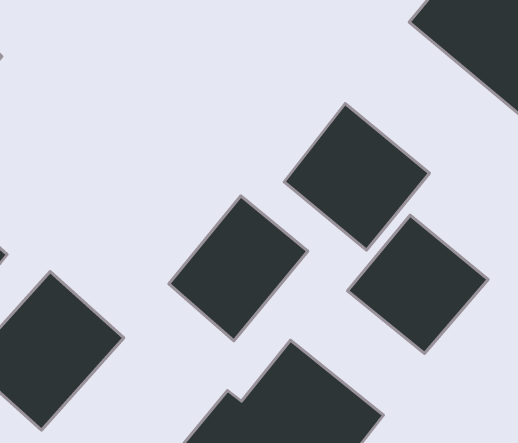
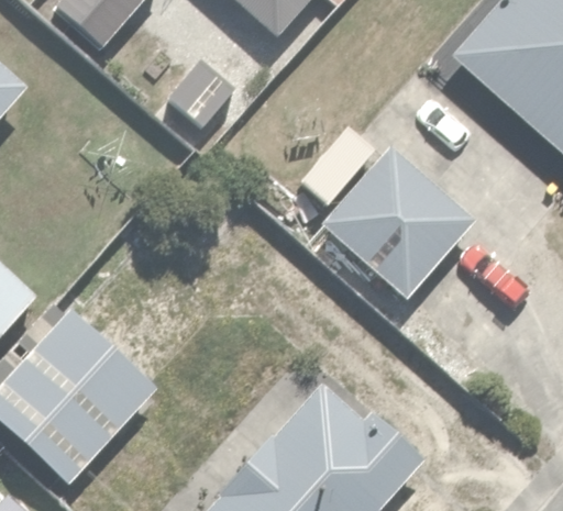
building: [169,196,308,341] -> none
building: [348,215,488,354] -> none

